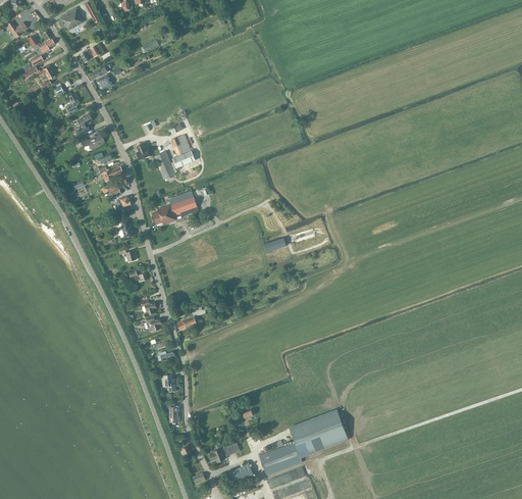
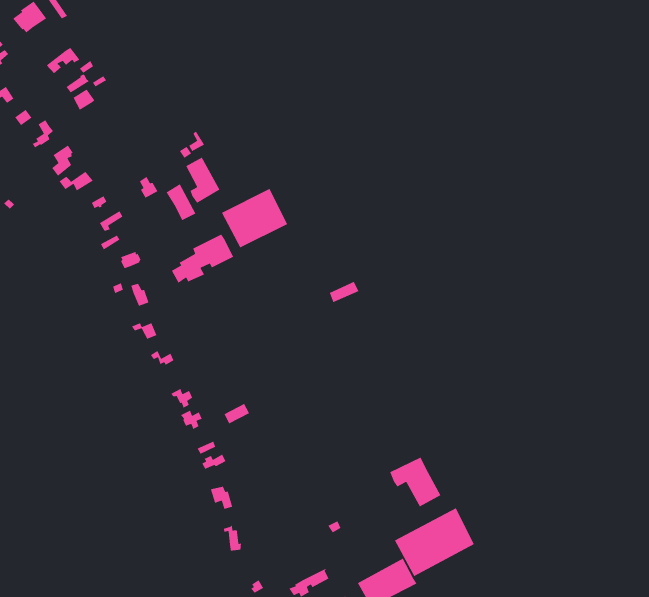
building: none -> [221,188,288,248]
building: none -> [389,456,441,507]

